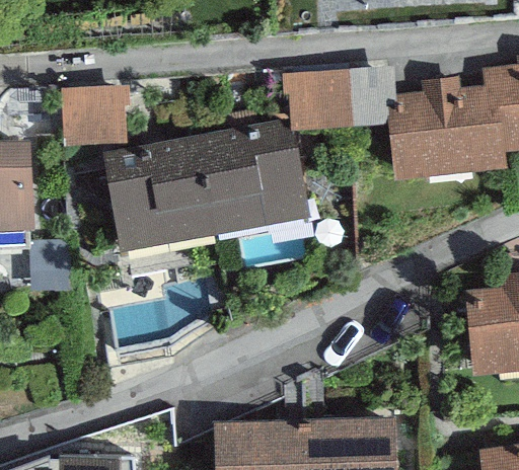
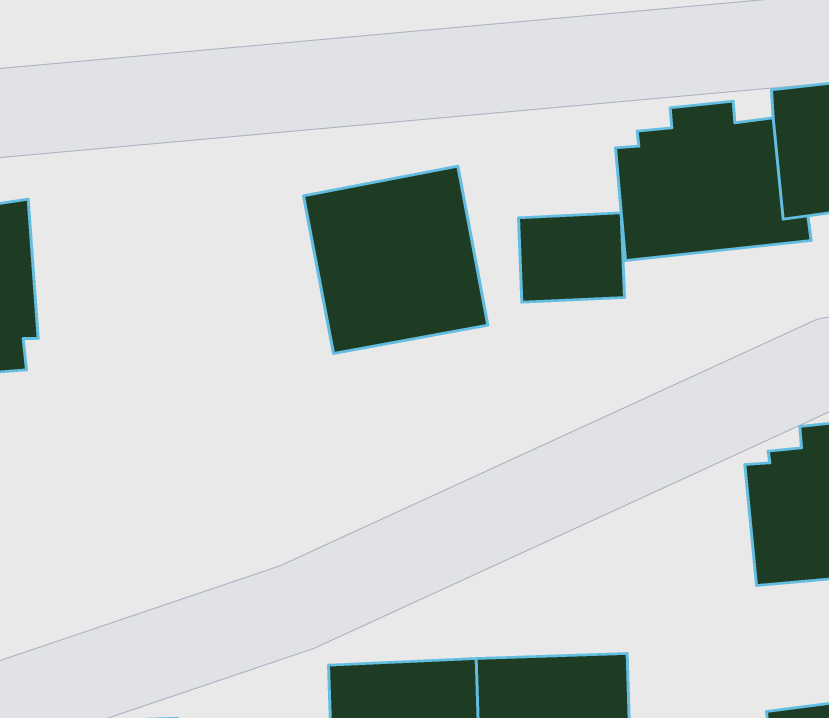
building: [295,69,360,124] -> [518,213,625,302]
building: [72,83,137,137] -> none
building: [100,137,214,250] -> none

